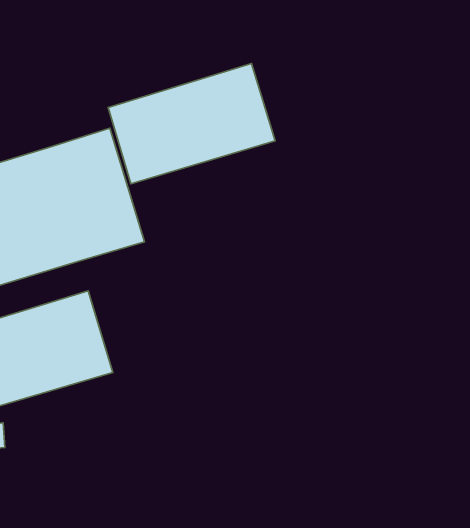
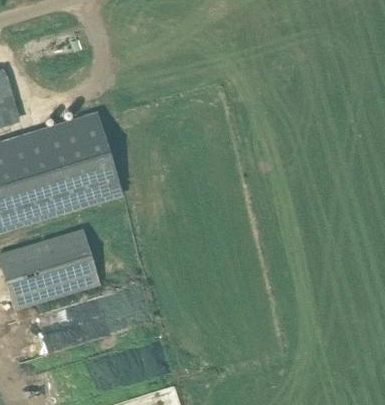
building: [108,63,275,184] -> none

